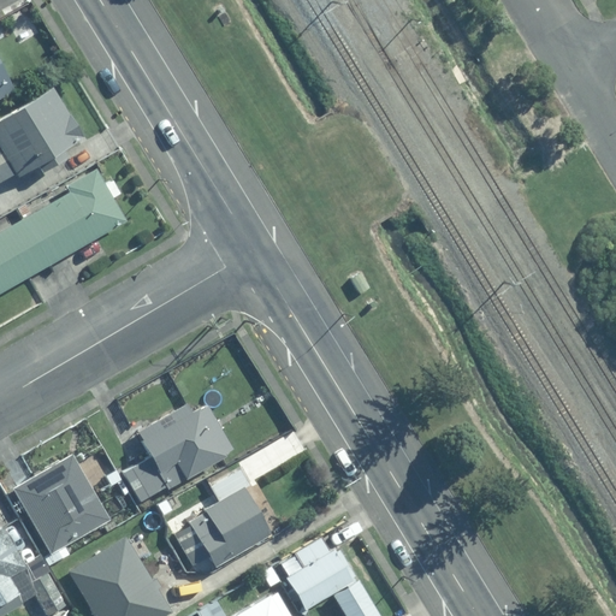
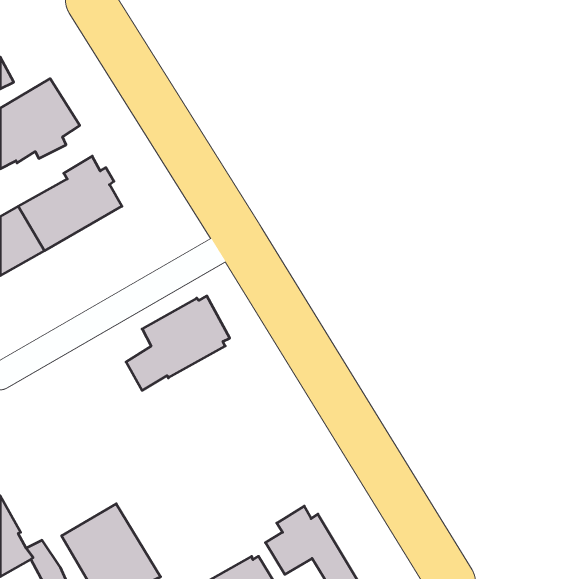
building: [122,402,231,502] -> [126,296,230,390]
building: [11,452,108,555] -> none
building: [171,468,268,564] -> none

